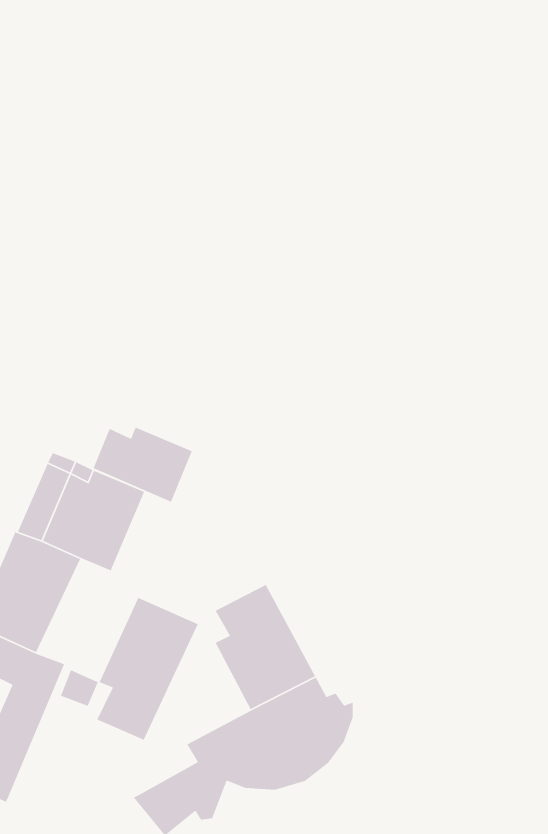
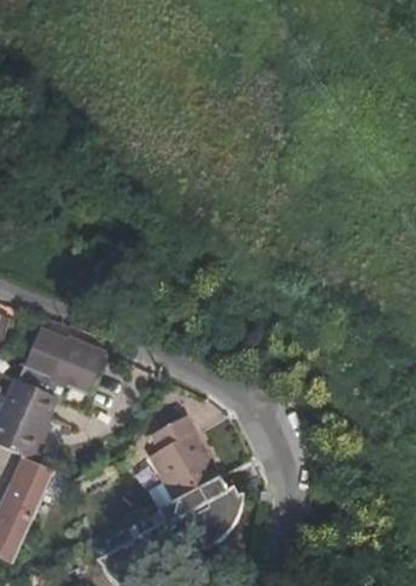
building: [93,427,193,503] -> none
building: [96,597,199,741] -> none

